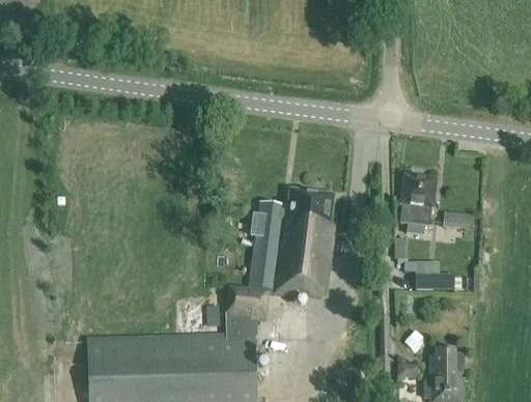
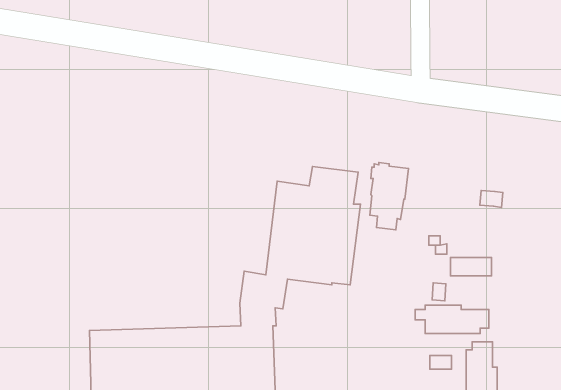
building: [399,172,435,233] -> [370,163,408,230]
building: none -> [415,305,489,333]

